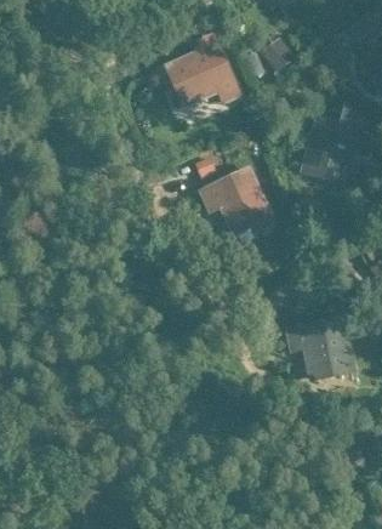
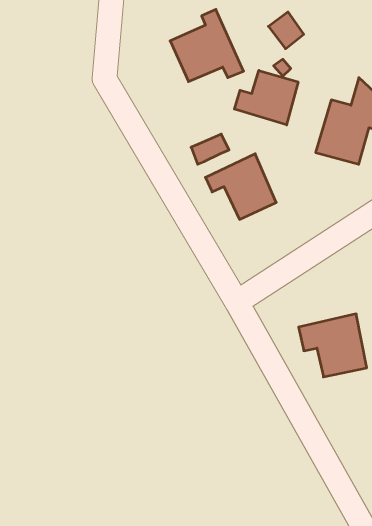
building: none -> [234,70,298,125]

